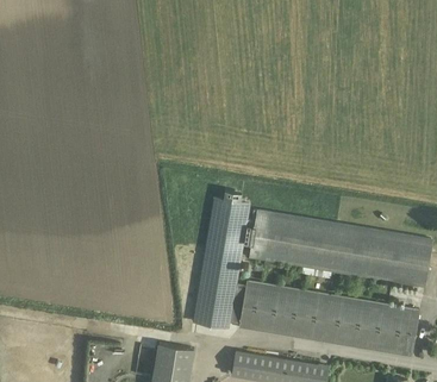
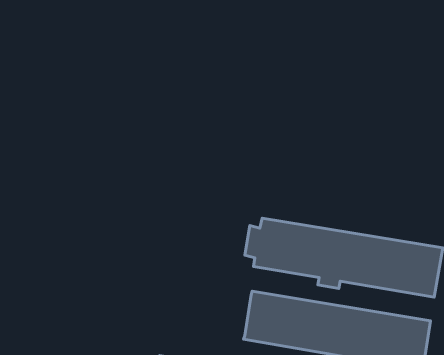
building: [192,189,248,326] -> none

